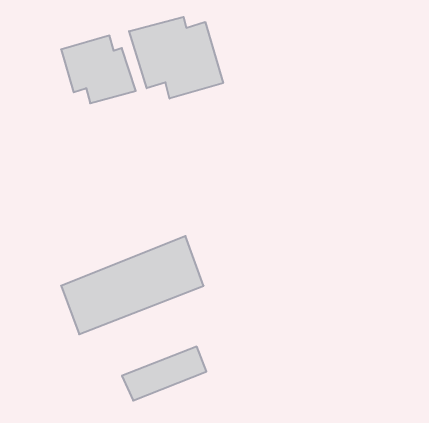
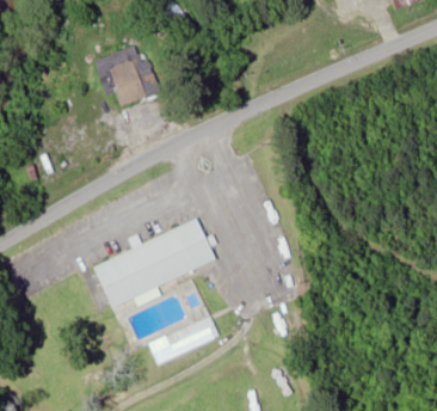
building: [129,17,223,99] -> none

